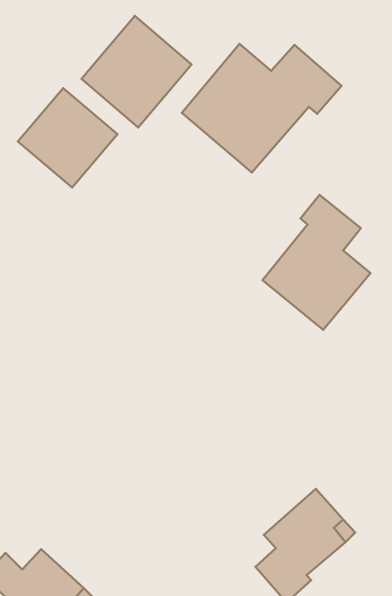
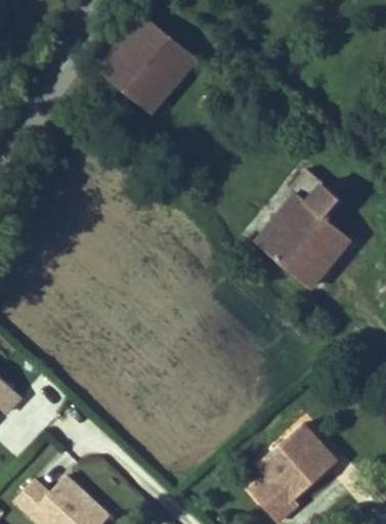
building: [182,44,341,173] -> none
building: [18,88,118,188] -> none

